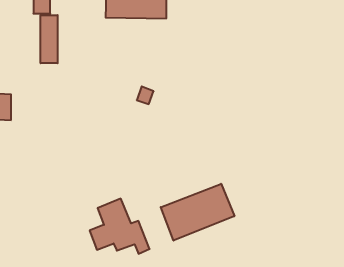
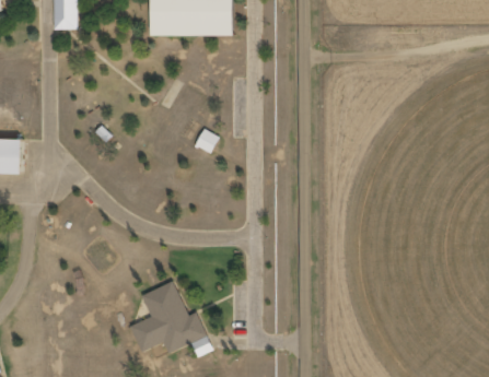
building: [41,15,58,63] -> none
building: [161,184,234,241] -> none

